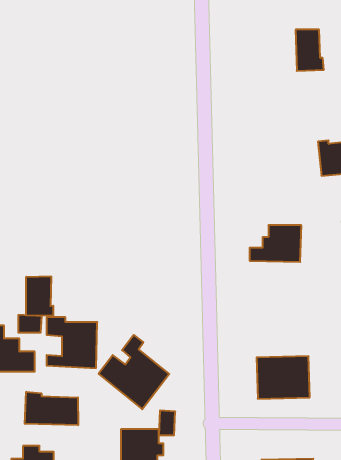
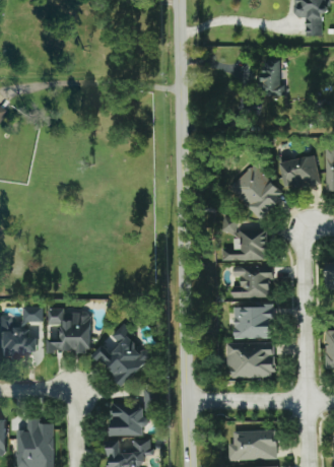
building: none -> [230,164,284,218]
building: none -> [228,266,272,298]
building: [26,276,53,316] -> none
building: none -> [232,306,273,339]
building: [25,392,78,425] -> none

